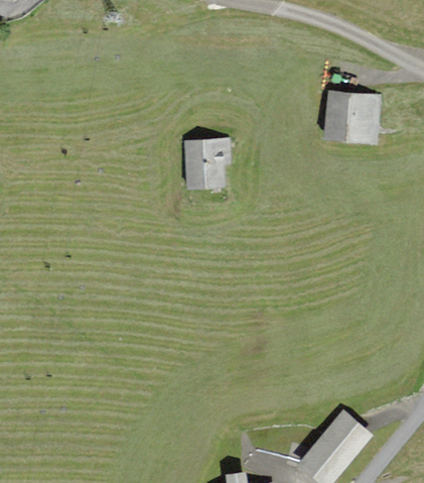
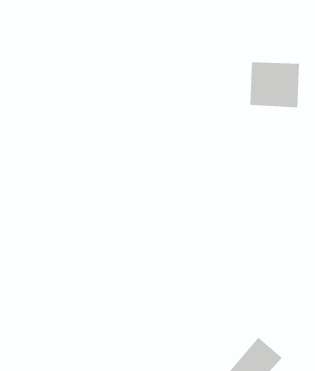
building: [181,142,230,192] -> none

